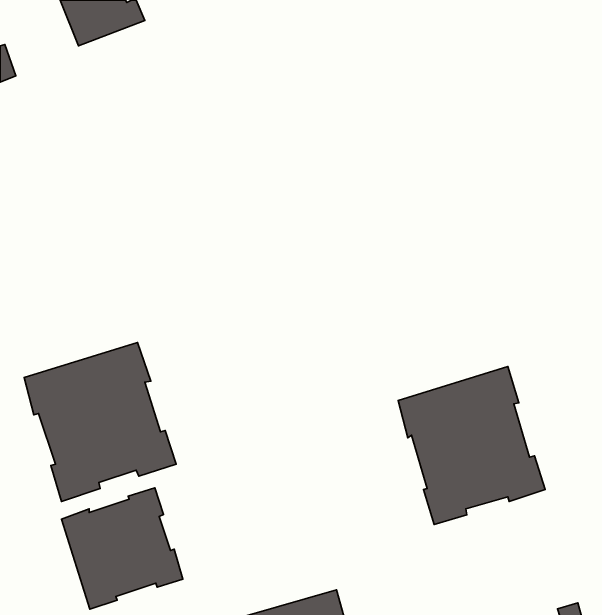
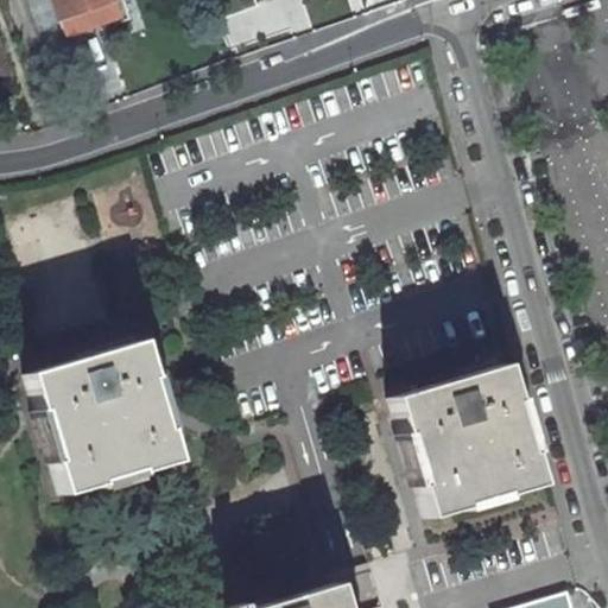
building: [62,488,183,609] -> none

